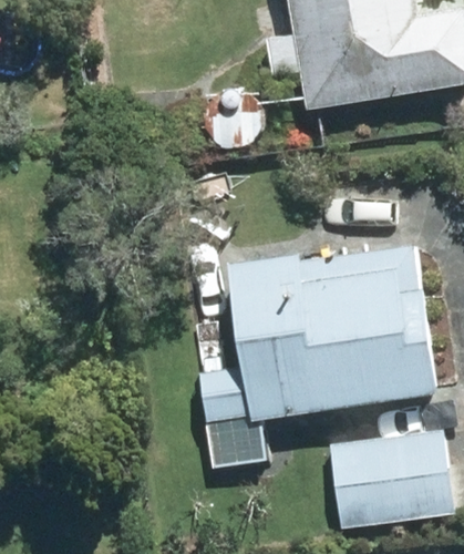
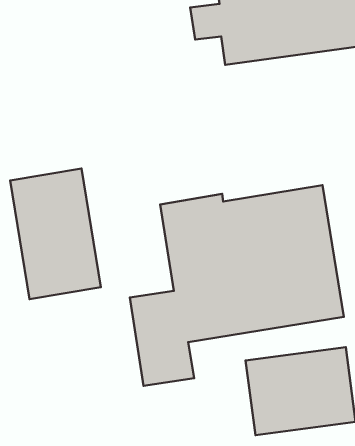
building: none -> [10,168,101,299]

